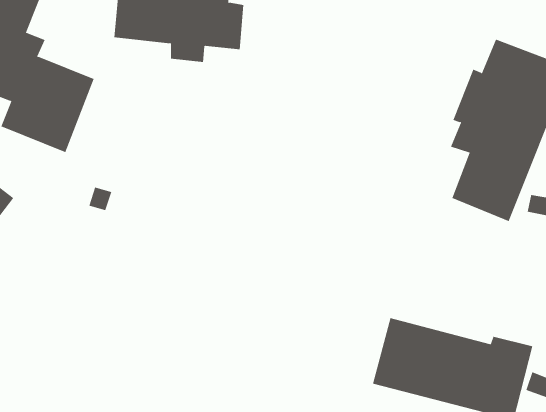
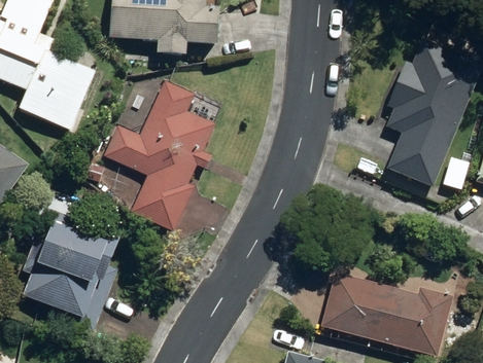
building: none -> [105,85,213,235]
building: none -> [21,209,118,330]

